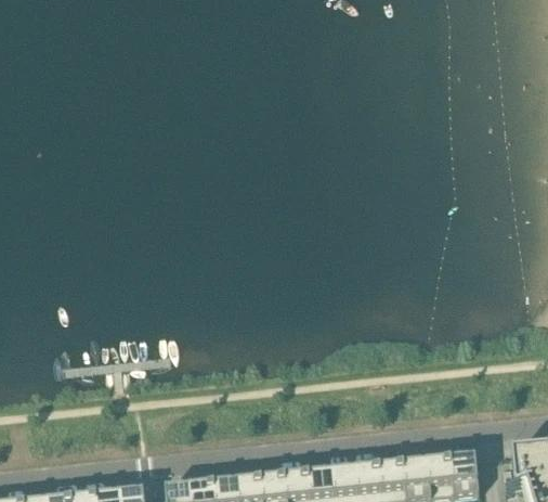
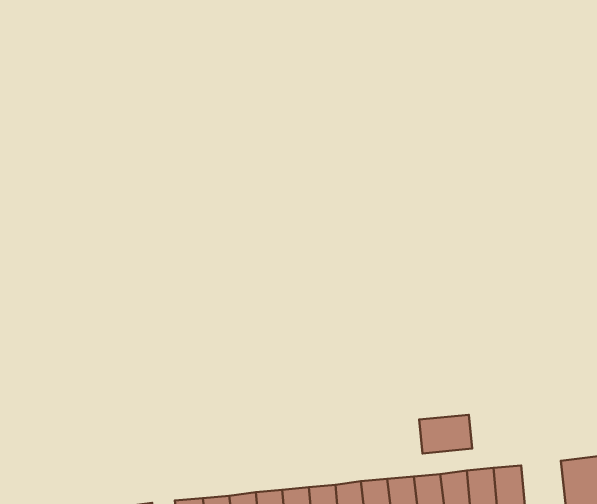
building: none -> [419,415,472,453]

